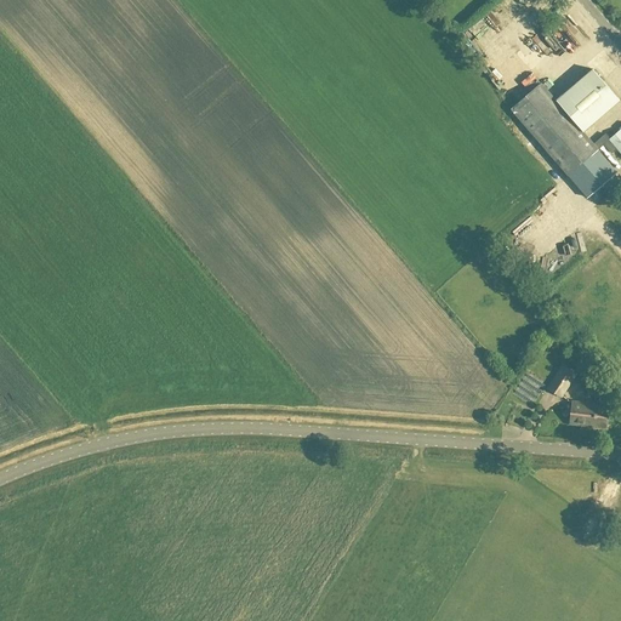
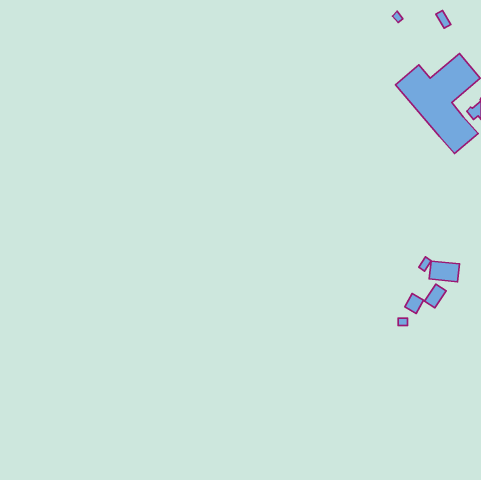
building: [569,401,608,428] -> [429,261,459,282]

